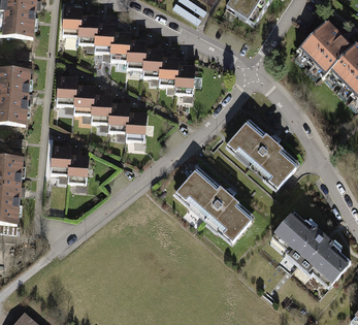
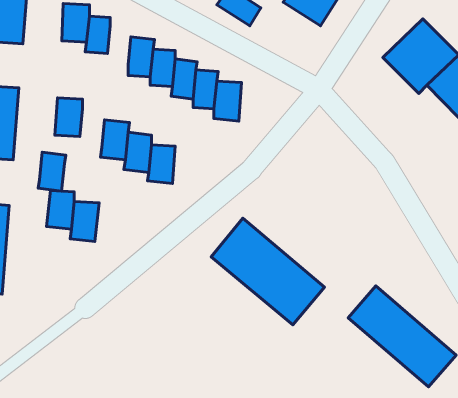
building: [93,23,112,52] -> none
building: [72,85,93,113] -> [38,152,66,191]
building: [225,121,299,192] -> none

